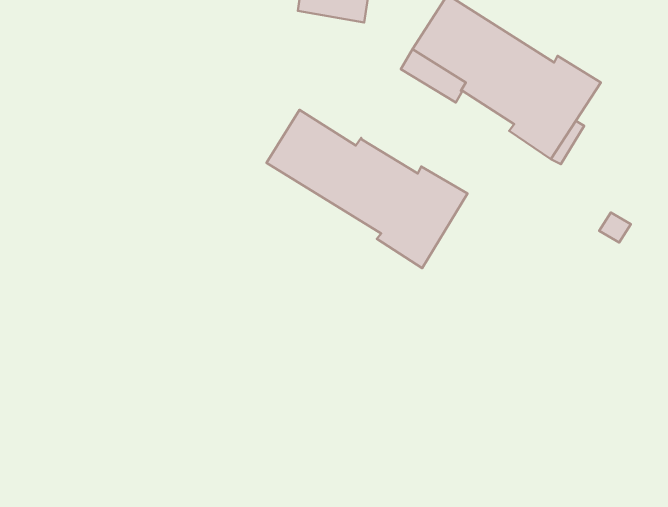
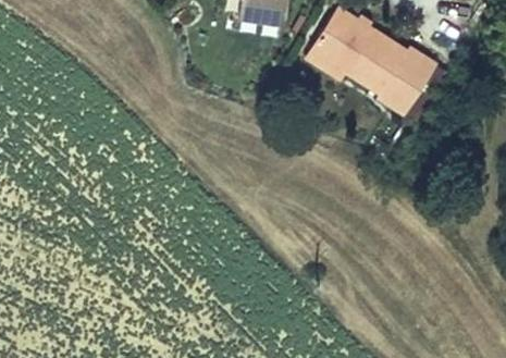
building: [267,110,468,268] -> none

